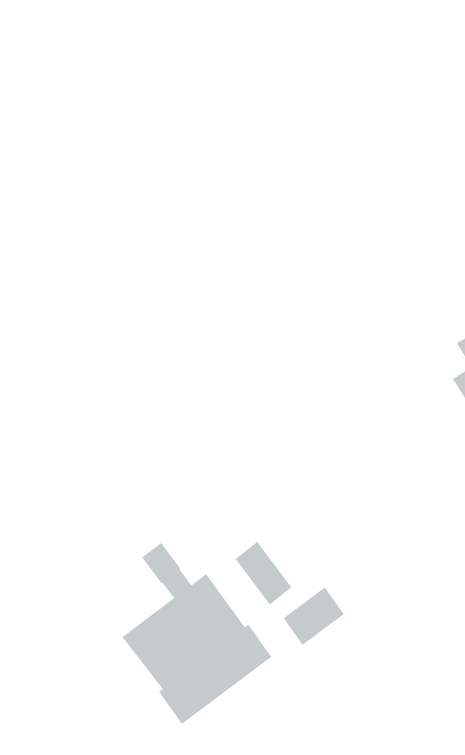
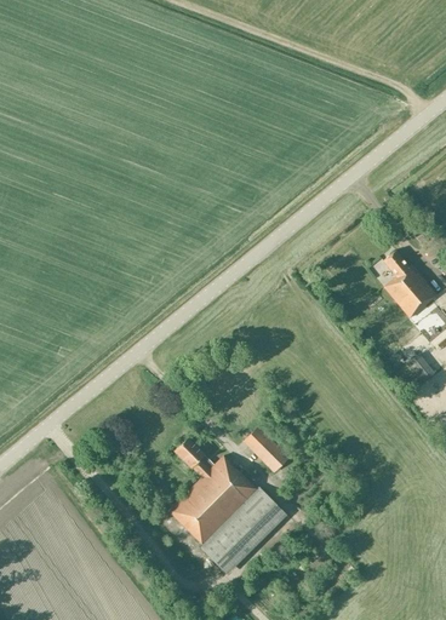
building: [283,586,344,646] -> none

